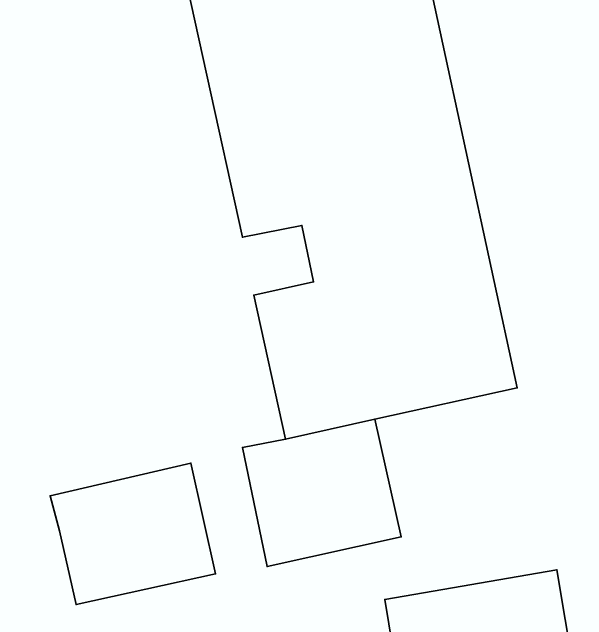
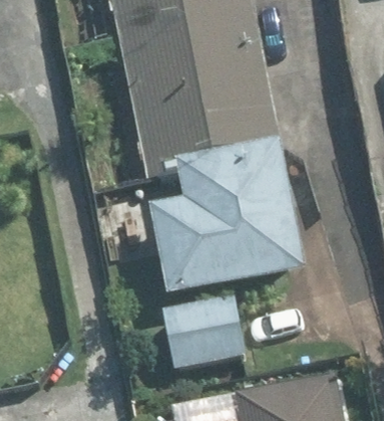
building: [50,463,215,605] -> none

